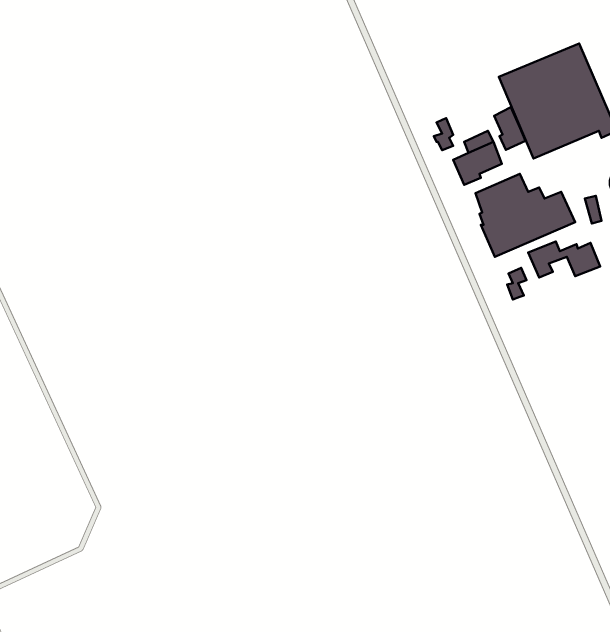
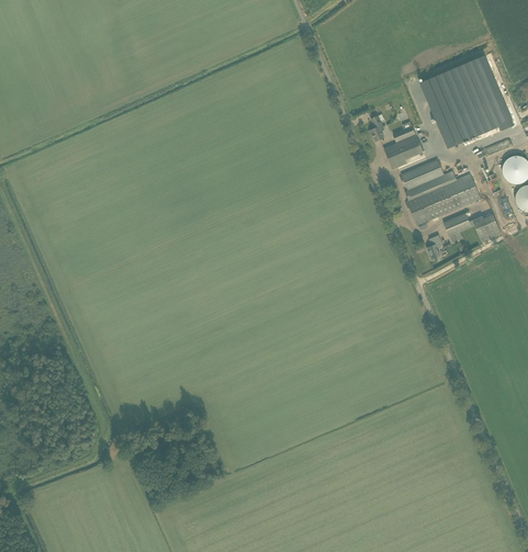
building: [494,107,526,150] -> none

